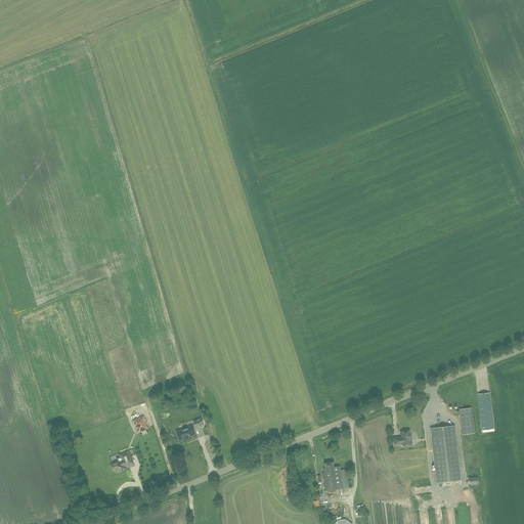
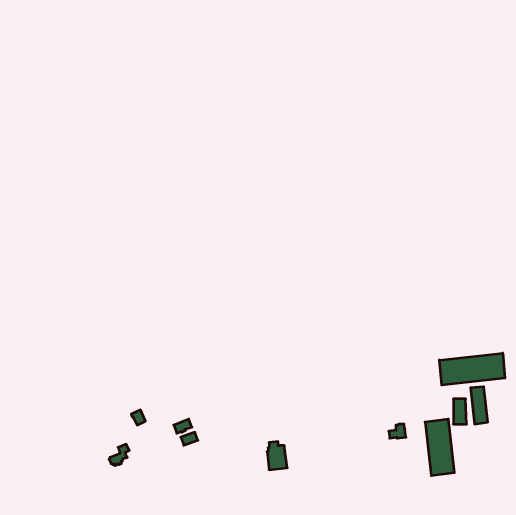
building: none -> [439,353,505,385]
building: [322,462,343,490] -> [267,442,287,470]

